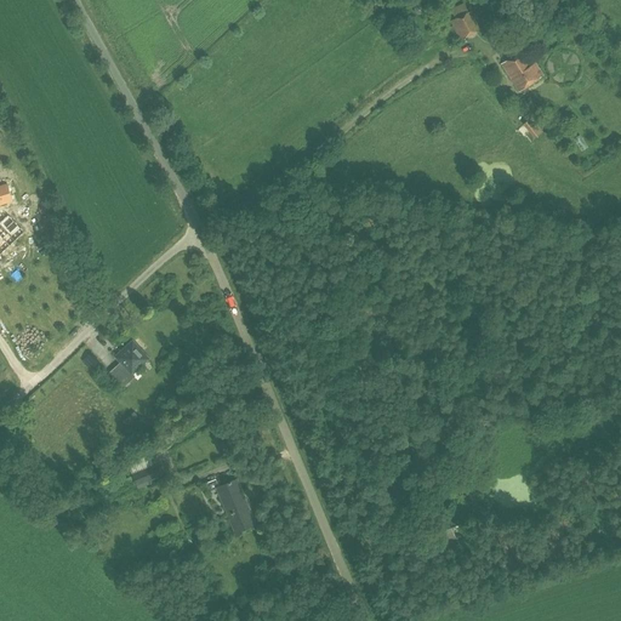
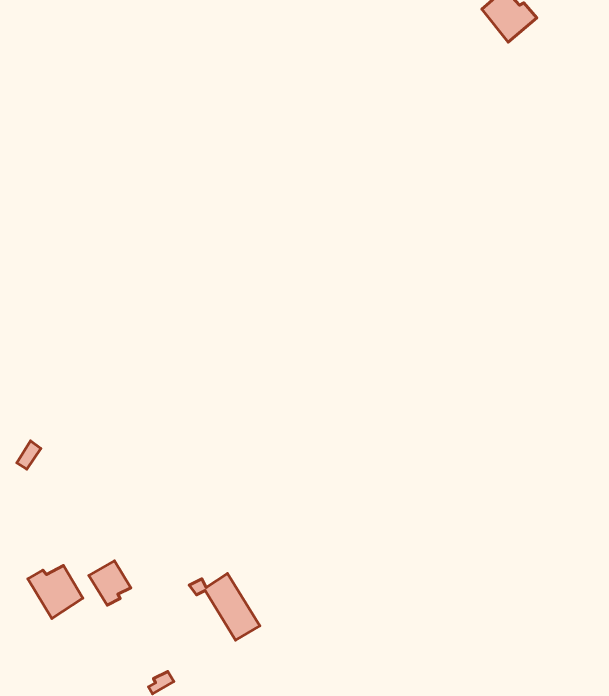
building: [107,342,146,386] -> none
building: none -> [28,565,83,619]

